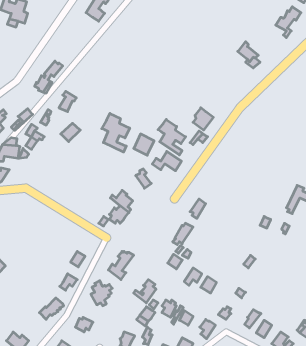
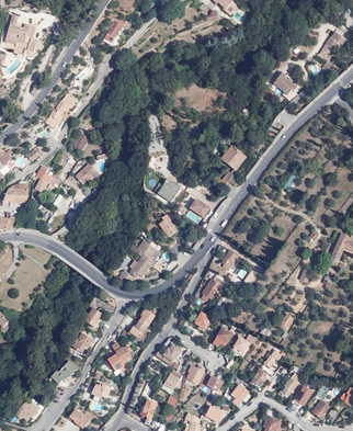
building: [102,113,130,152] -> none
building: [158,119,186,155] -> none

